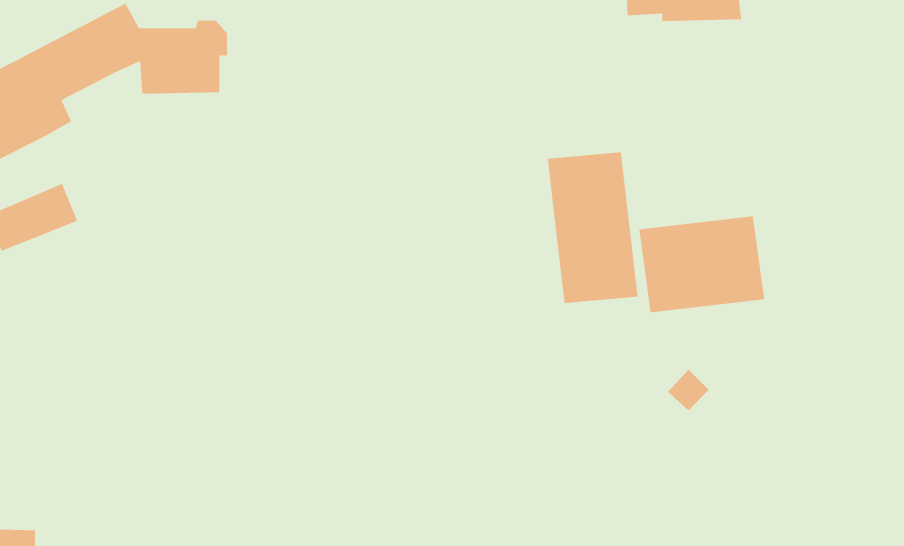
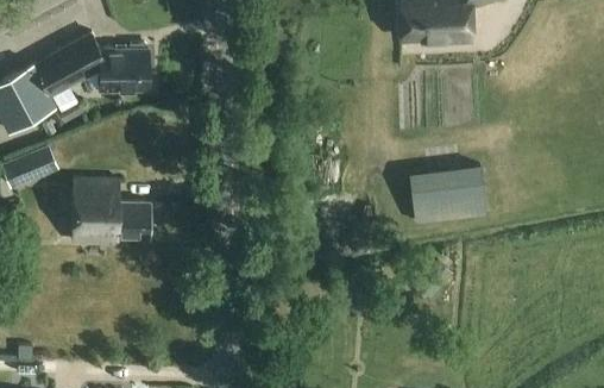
building: [547,152,638,304] -> none
building: none -> [74,179,149,243]

